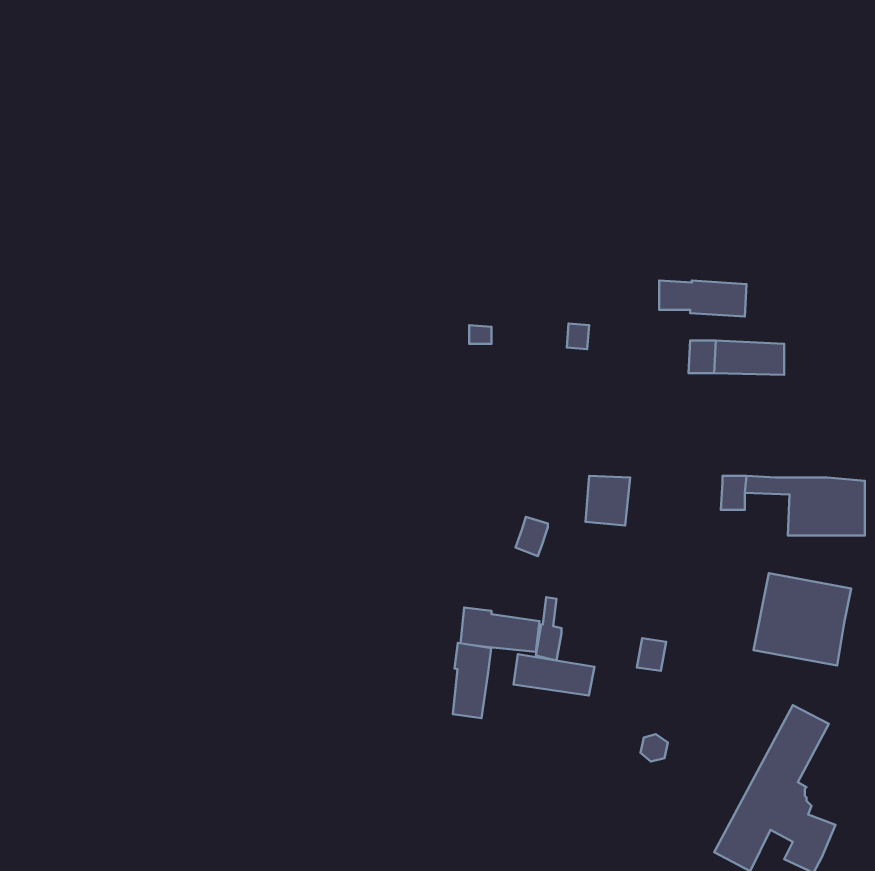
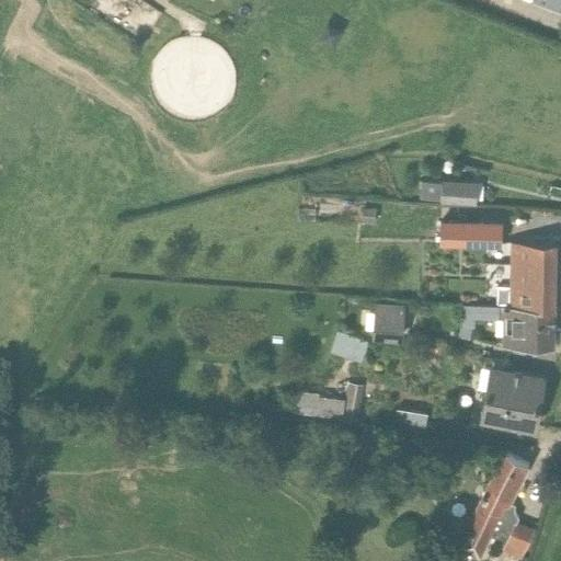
building: none -> [496,243,556,308]
building: [453,643,491,718] -> none
building: [514,654,595,695] -> none

